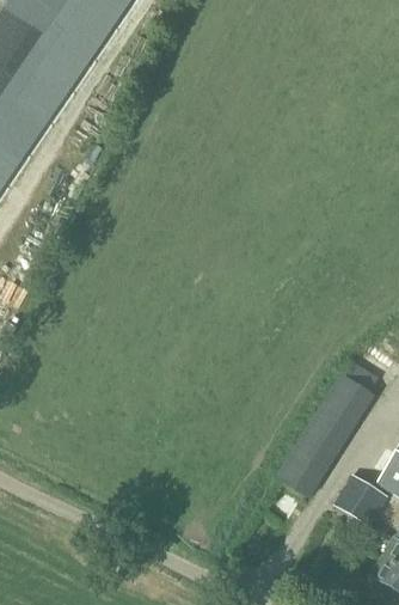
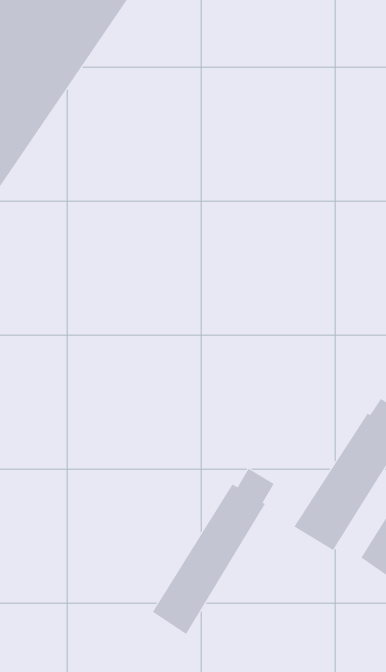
building: none -> [152,468,275,635]

